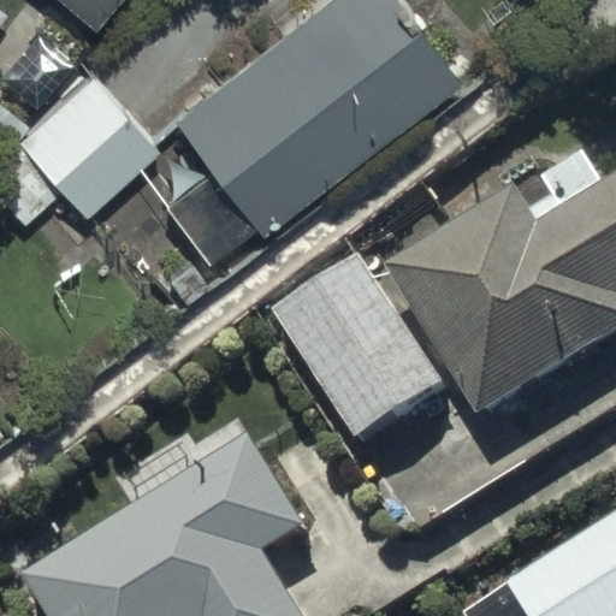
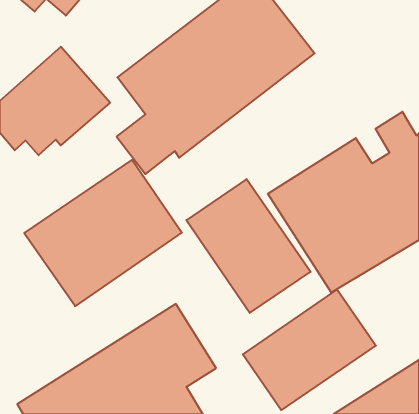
building: none -> [24,160,182,306]
building: none -> [243,290,376,410]

